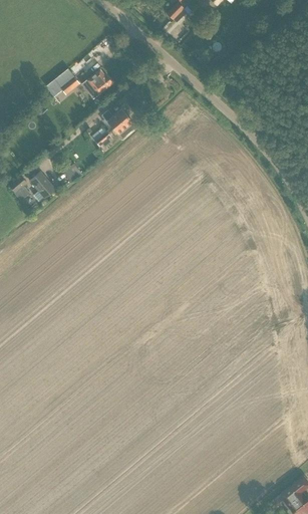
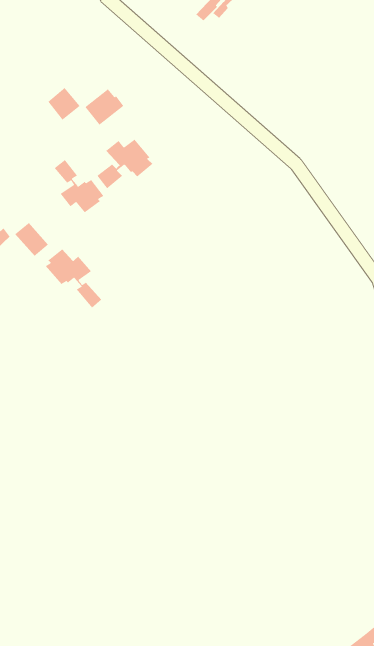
building: none -> [54,159,104,213]
building: none -> [45,248,102,308]

